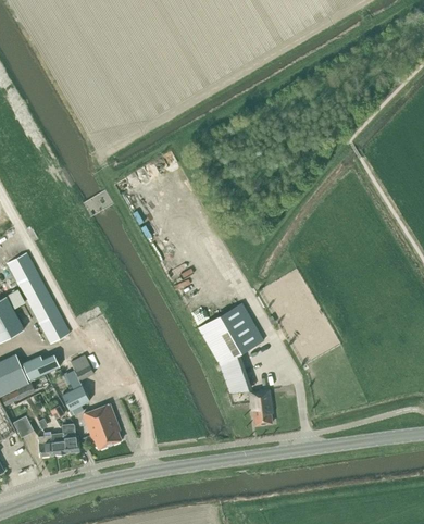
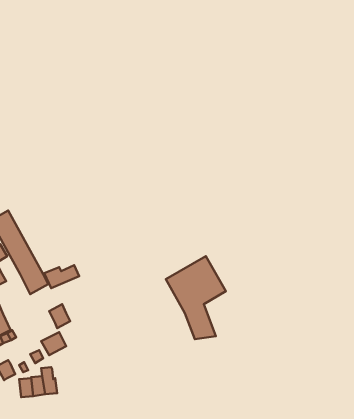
building: [22,354,60,379] -> [44,265,79,288]
building: [249,389,273,425] -> none
building: [83,403,122,448] -> none

